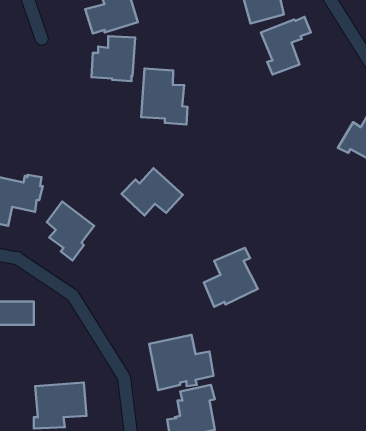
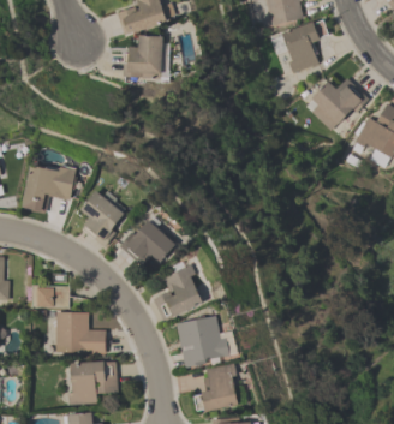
building: [141,68,187,125] -> none
building: none -> [310,77,368,129]
building: [121,168,183,215] -> [119,221,177,265]
building: [204,248,258,307] -> [154,265,204,321]
building: none -> [56,312,106,352]

